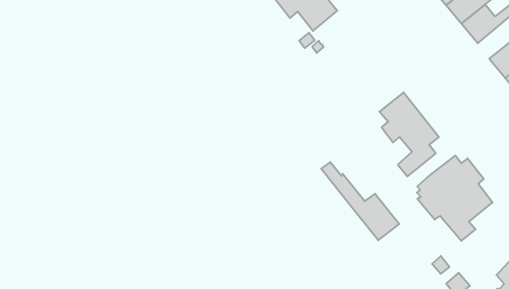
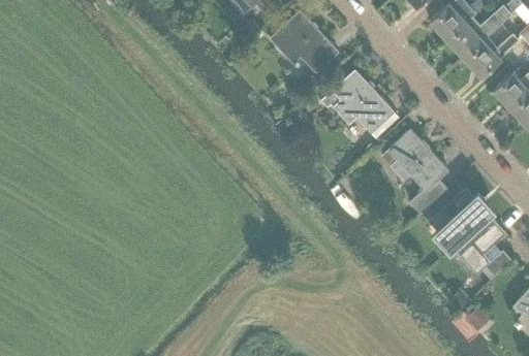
building: none -> [321,70,395,134]
building: [321,162,399,240] -> none

